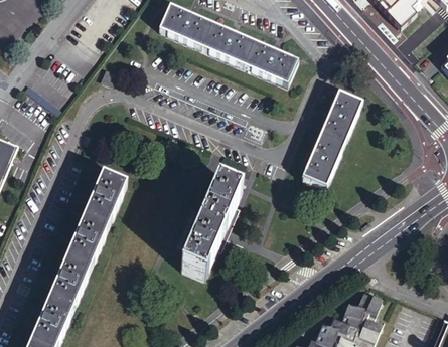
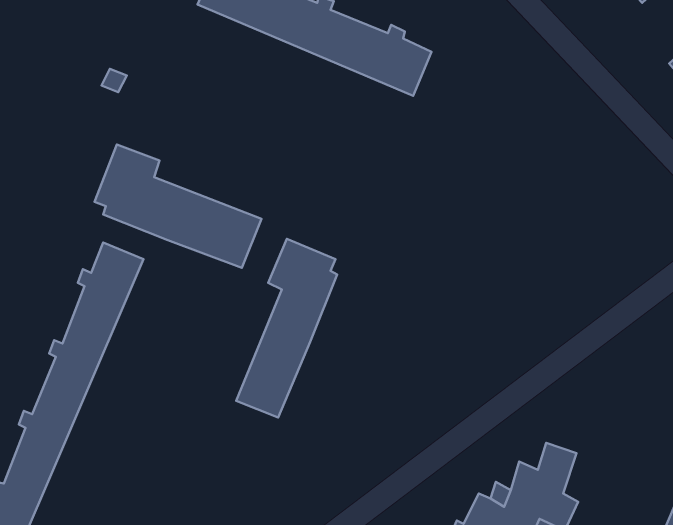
building: [304,92,363,185] -> none
building: none -> [94,145,261,268]

